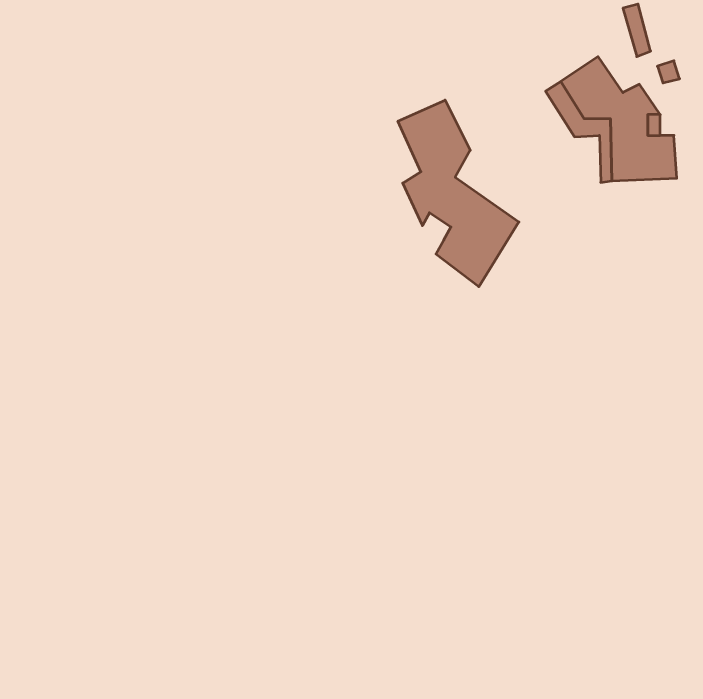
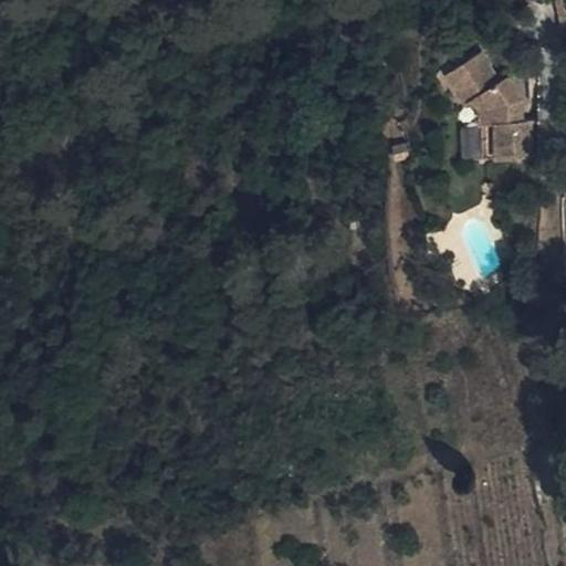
building: [398,100,519,287] -> none

